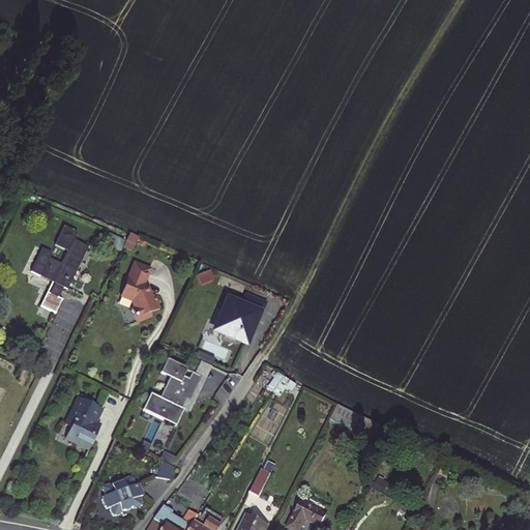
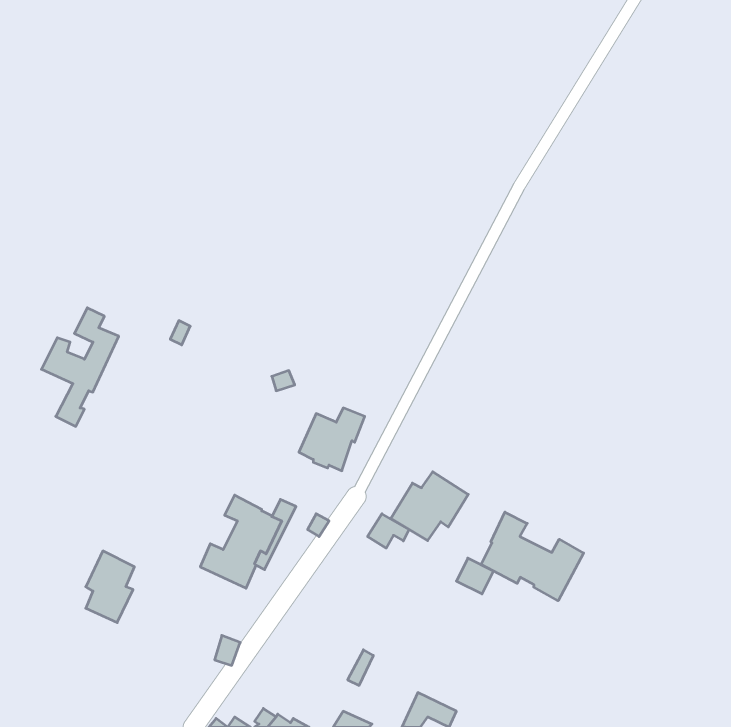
building: [119,262,159,320] -> none
building: none -> [391,472,468,541]
building: none -> [481,512,584,601]
building: [97,477,140,517] -> none

